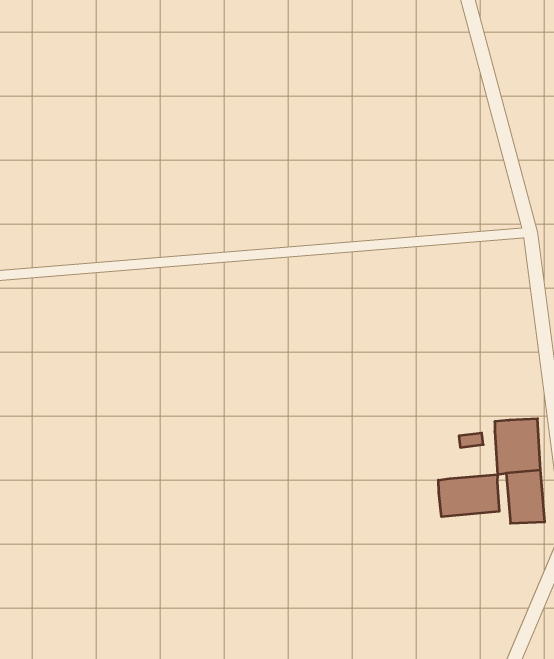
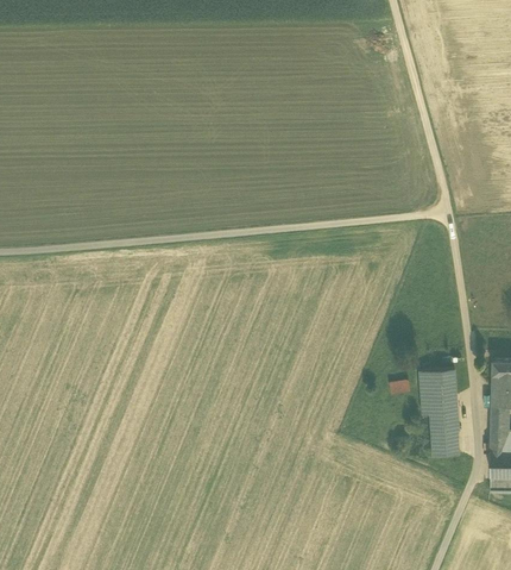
building: [438,475,499,517] -> none

